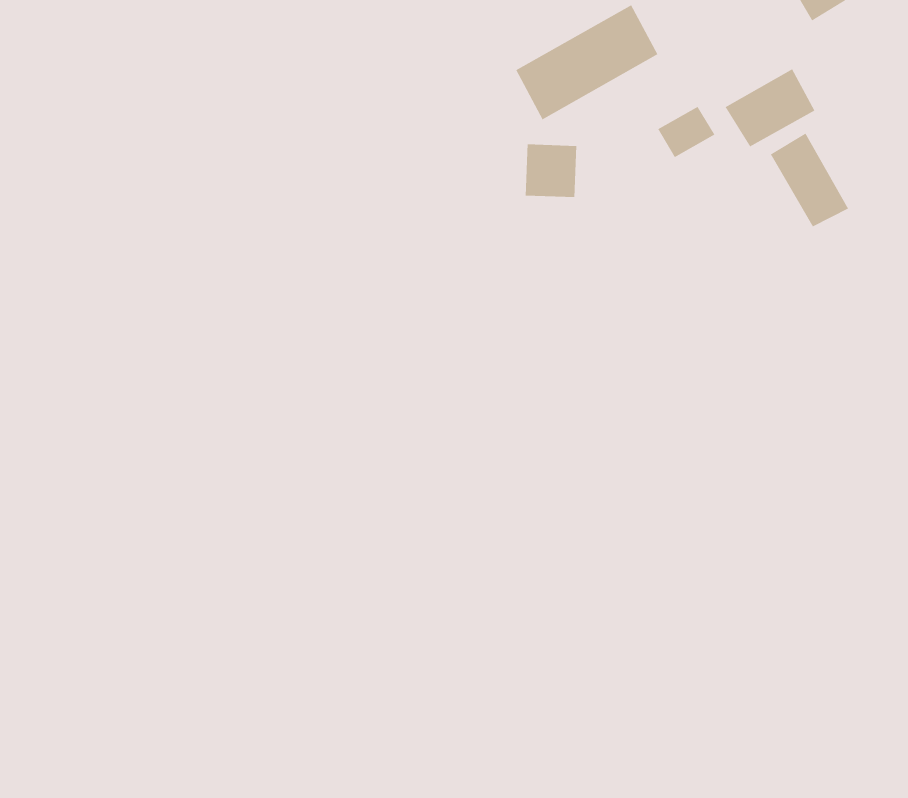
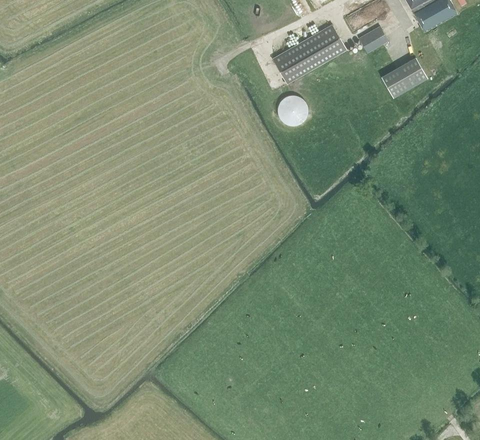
building: [657,106,715,158] -> [358,26,388,53]
building: [770,133,849,228] -> none

